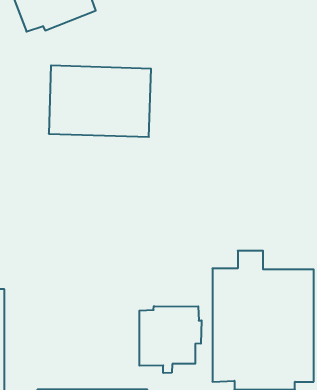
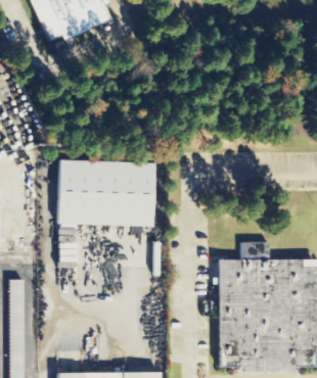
building: [49,65,151,137] -> [57,159,152,226]
building: [139,306,202,373] -> none

